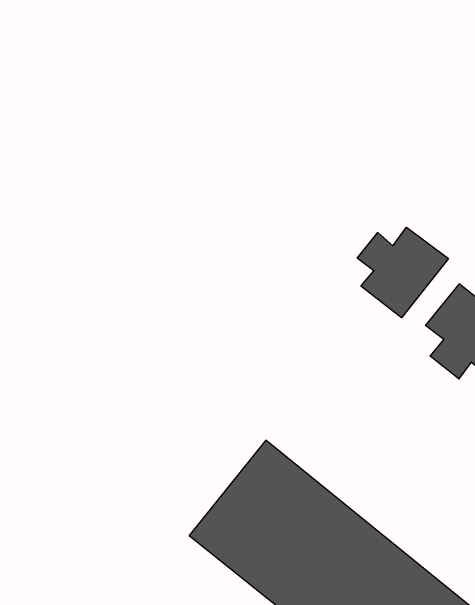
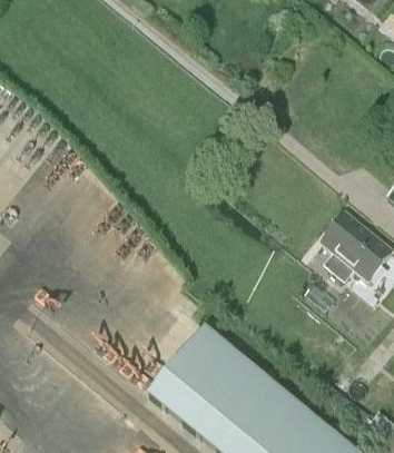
building: [357,227,448,318] -> none

